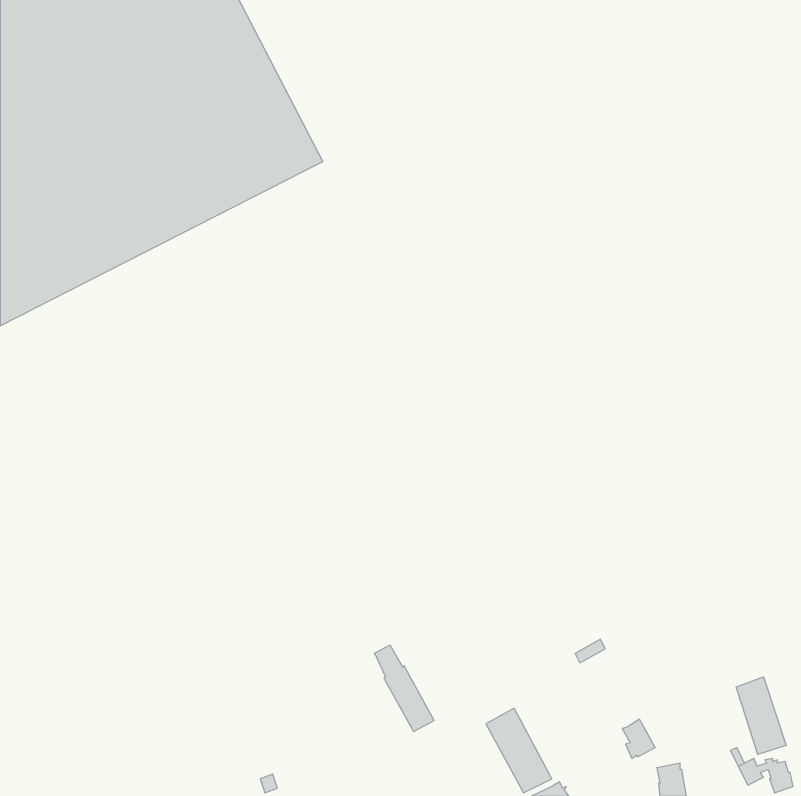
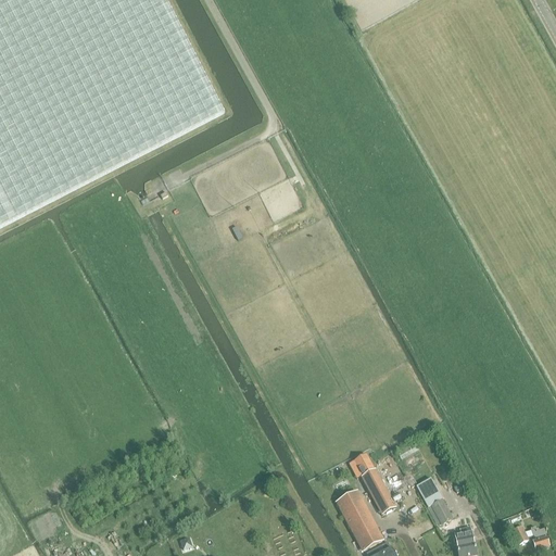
building: [374,645,434,732] -> [355,454,396,514]
building: [736,677,786,754] -> none
building: none -> [416,478,443,507]

